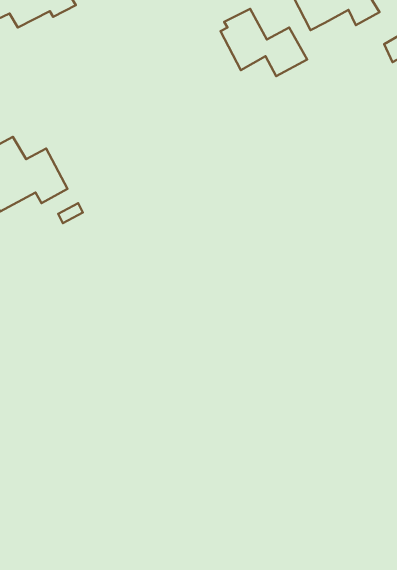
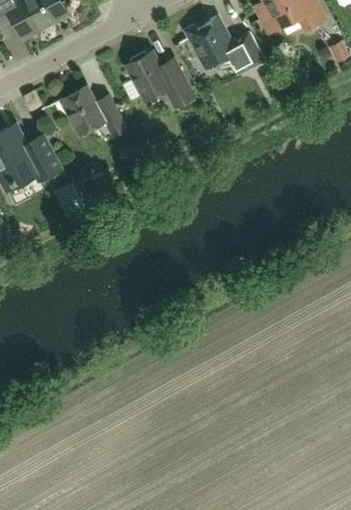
building: none -> [123,51,195,107]
building: none -> [61,86,127,137]

